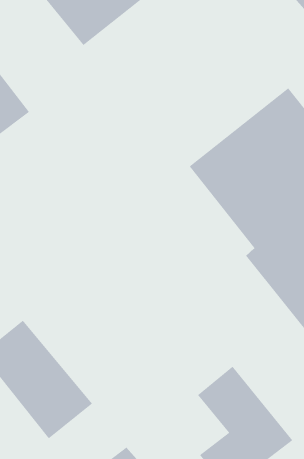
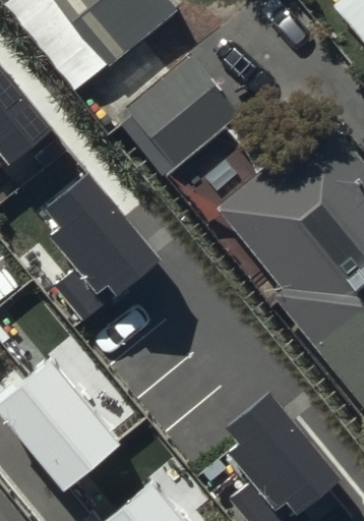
building: none -> [129,51,238,161]
building: none -> [45,187,161,335]

